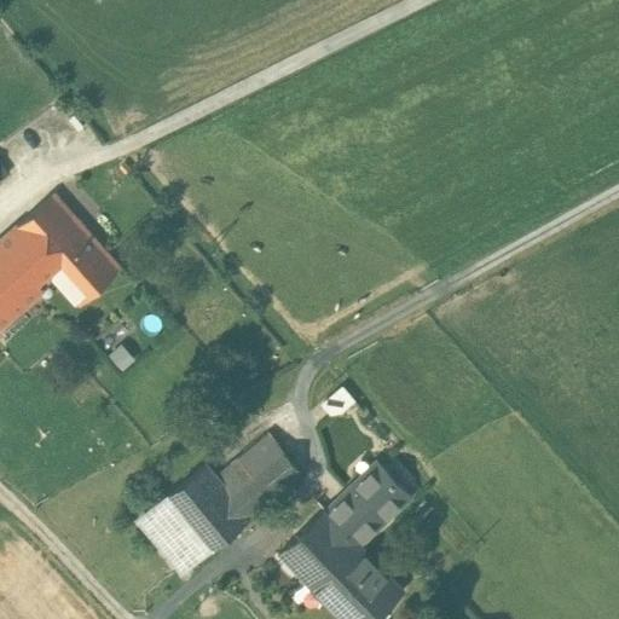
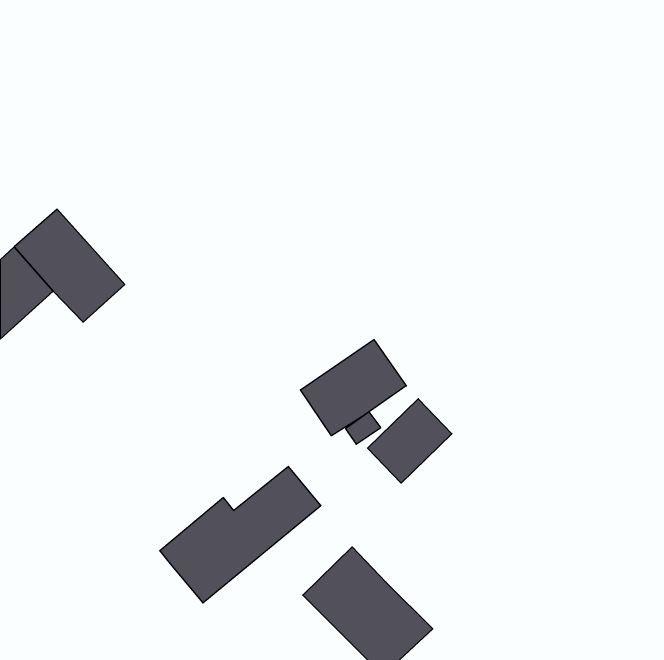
building: none -> [300,340,406,436]
building: [328,467,406,545] -> [368,399,452,483]

